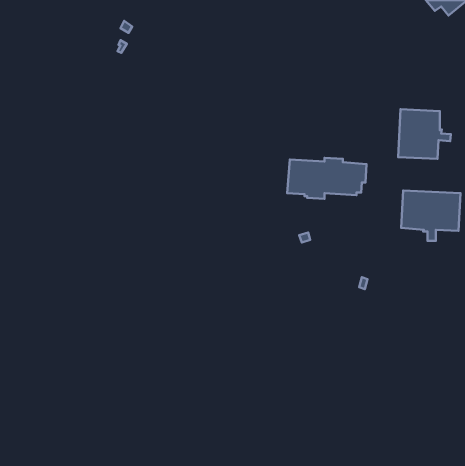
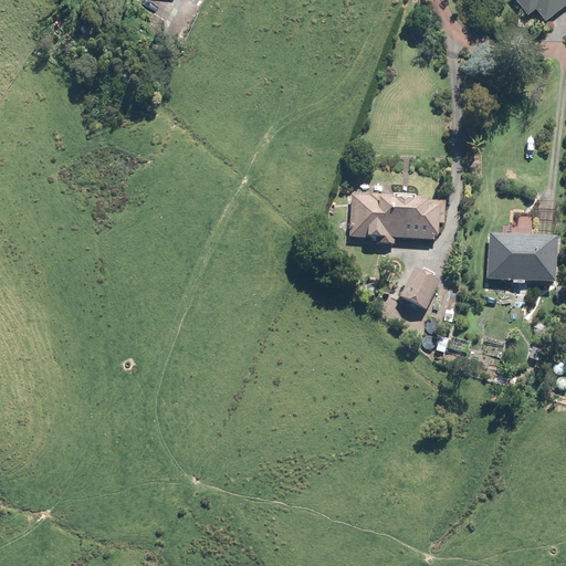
building: [398,109,451,159] -> none
building: none -> [400,266,439,307]

